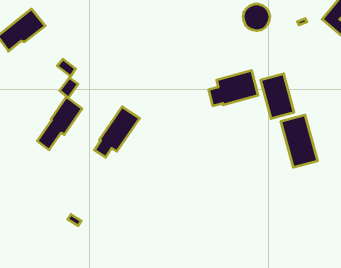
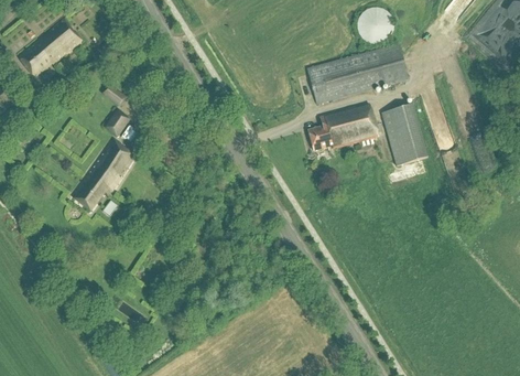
building: none -> [310,43,411,104]
building: [94,107,140,157] -> none
building: [281,115,317,167] -> none

